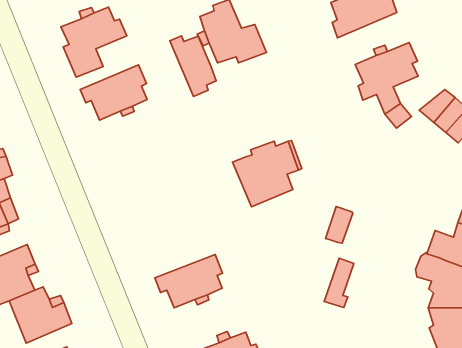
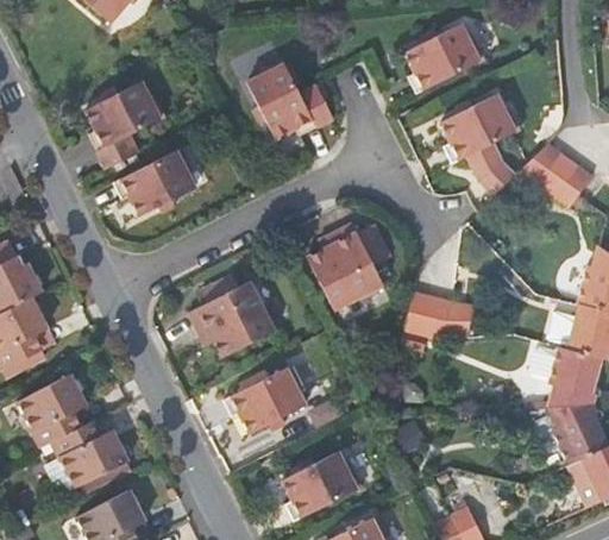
building: [170,36,216,96] -> none
building: none -> [193,275,275,358]
building: [324,258,354,307] -> [401,290,432,349]

